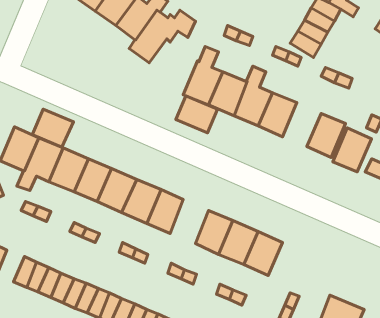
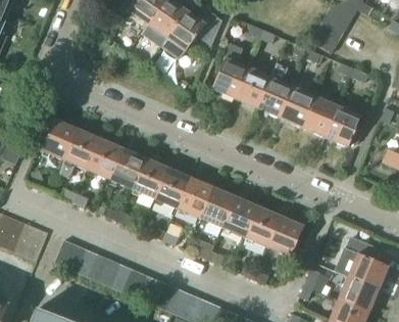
building: [176,96,217,133] -> none
building: [32,109,73,147] -> none
building: [333,128,371,172] -> [303,96,339,137]
building: none -> [199,186,235,227]
building: none -> [338,239,389,288]

